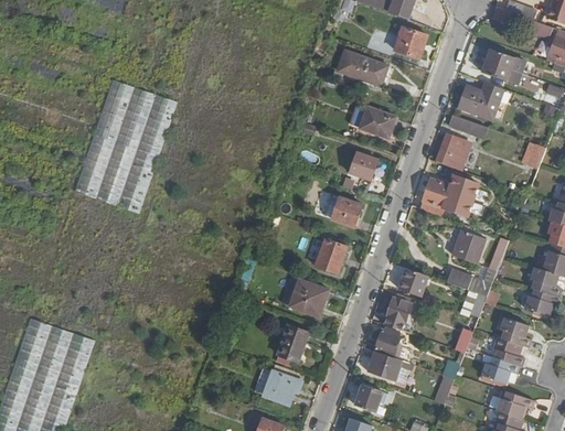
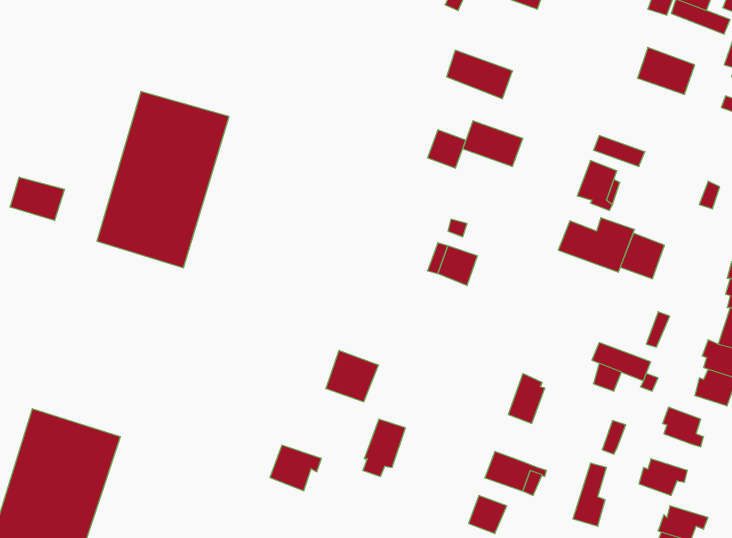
building: [394,26,426,57] -> none
building: [459,82,502,118] -> none
building: none -> [10,177,64,221]
building: [349,151,377,180] -> [428,130,466,168]
building: [451,230,484,265] -> [620,233,664,279]
building: [315,238,345,273] -> none
building: [398,268,427,295] -> none
building: [288,279,328,317] -> [326,350,379,402]
building: [375,326,412,363] -> none
building: [493,336,524,366] -> none
building: [263,370,301,405] -> [270,445,321,491]

